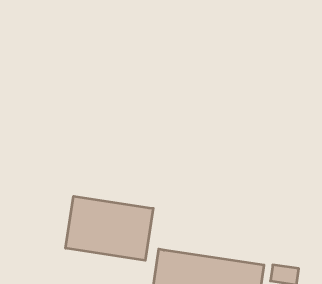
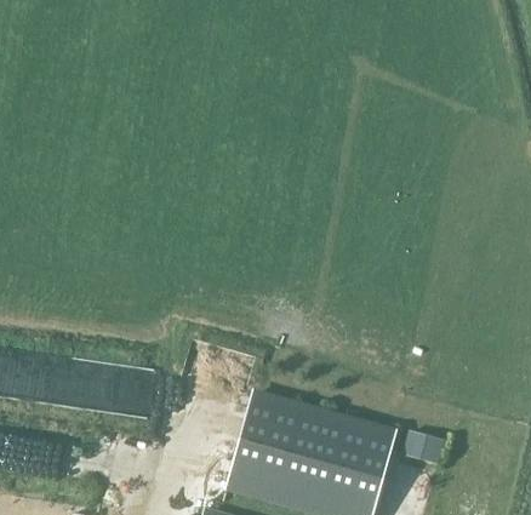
building: [66,196,153,260] -> none

